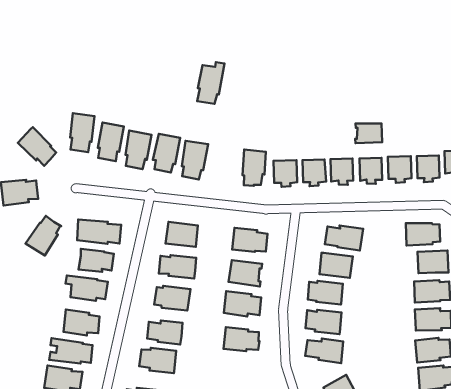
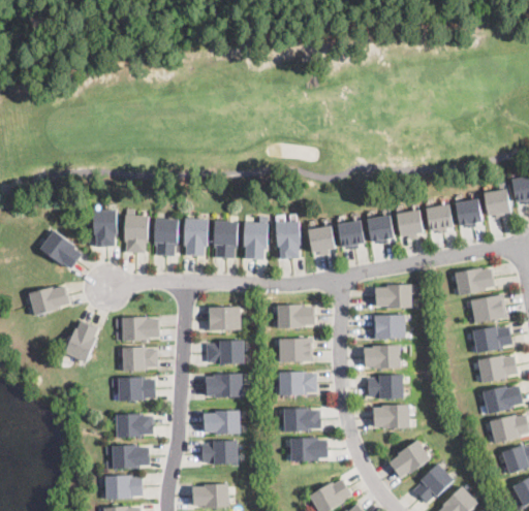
building: [197,62,225,104] -> [244,217,268,260]
building: [355,123,382,143] -> none
building: none -> [290,438,328,461]

